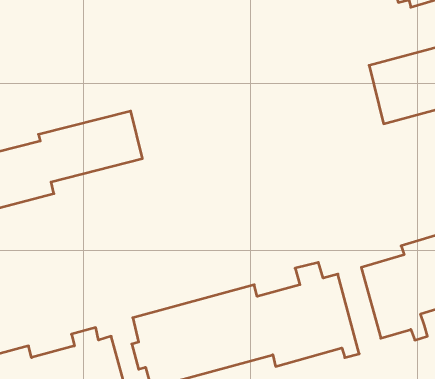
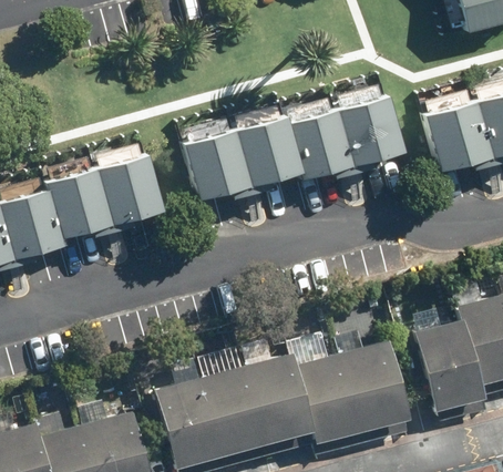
building: none -> [185,98,407,199]

